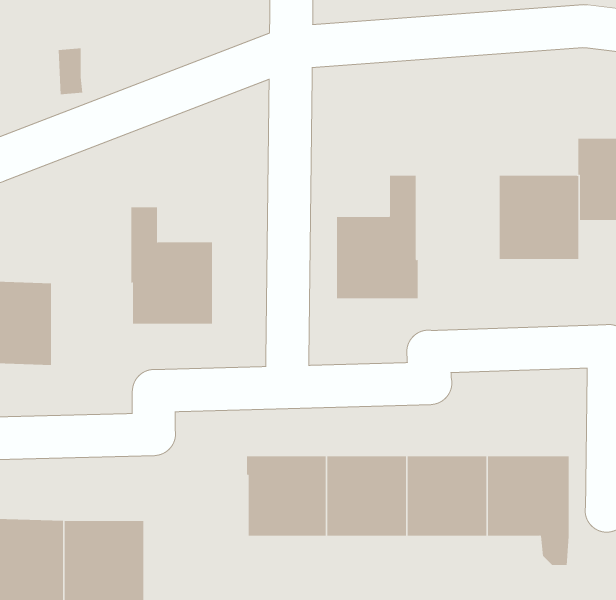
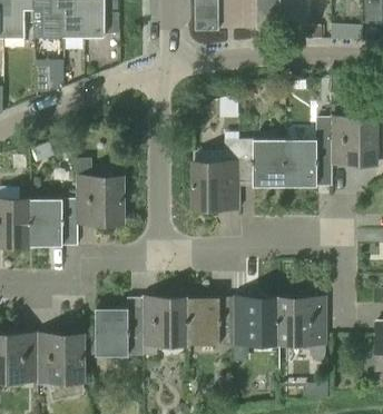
building: none -> [238,139,285,187]
building: none -> [31,200,77,247]
building: none -> [96,309,143,356]

